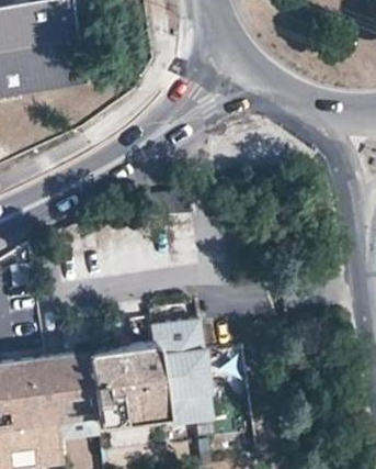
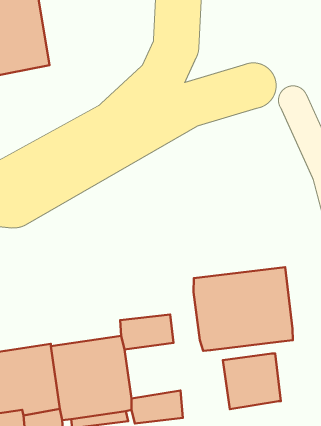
building: none -> [194,267,293,351]
building: [155,349,210,403] -> [223,353,281,409]

